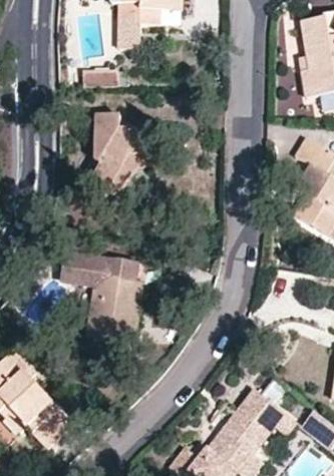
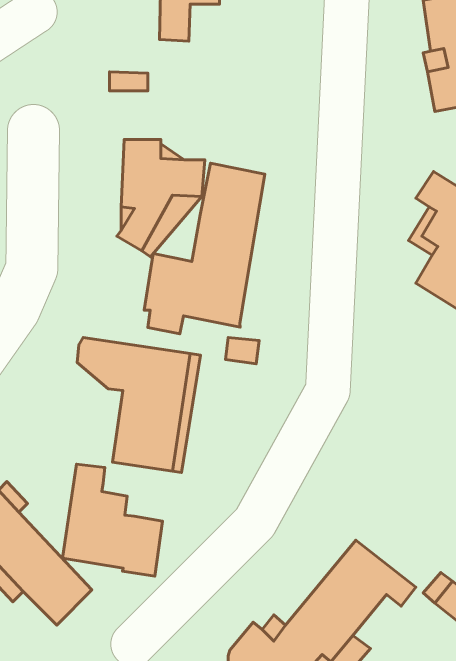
building: none -> [144,163,265,334]
building: none -> [63,464,163,576]

